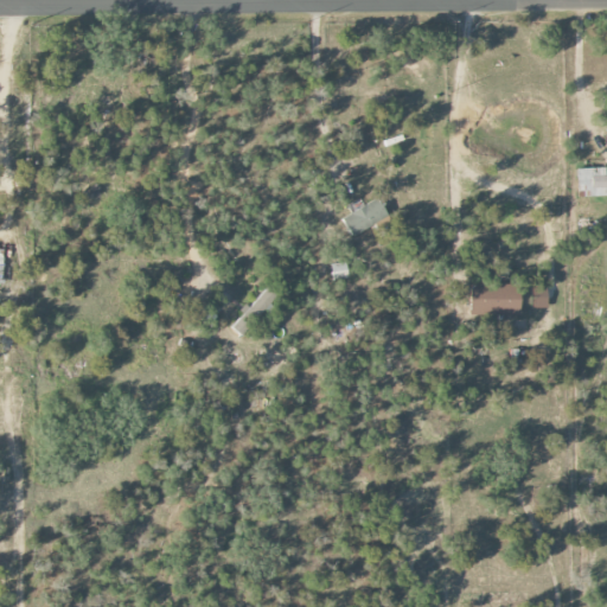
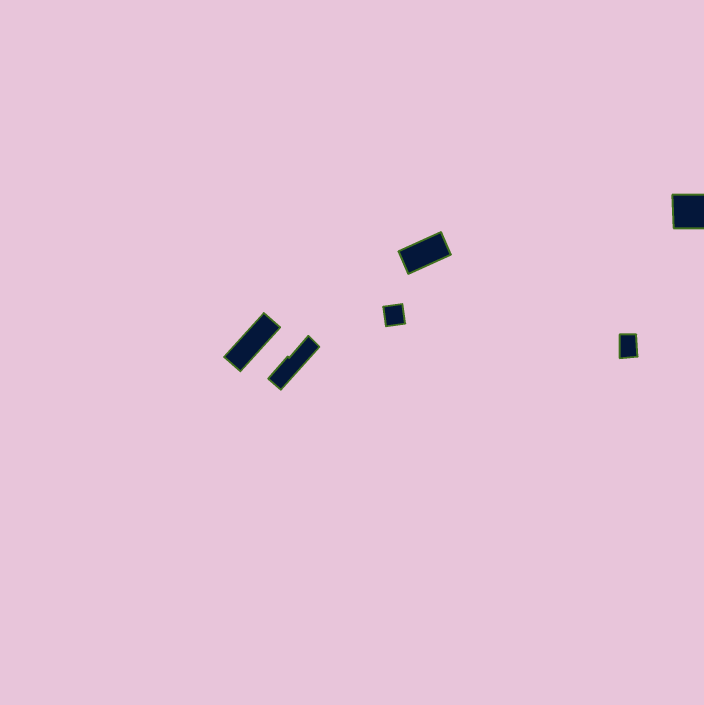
building: none -> [224,313,280,371]
building: [472,283,522,314] -> none

